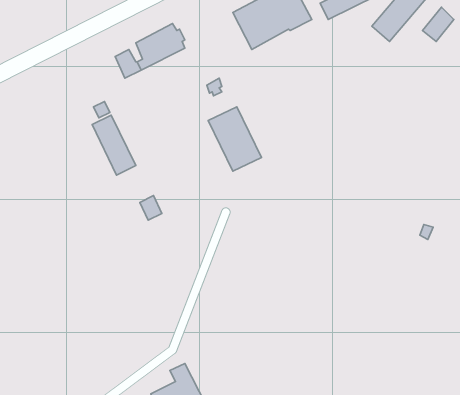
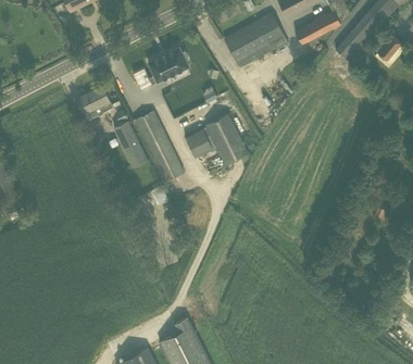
building: none -> [78,86,113,118]
building: none -> [133,109,185,181]
building: none -> [185,128,213,158]

